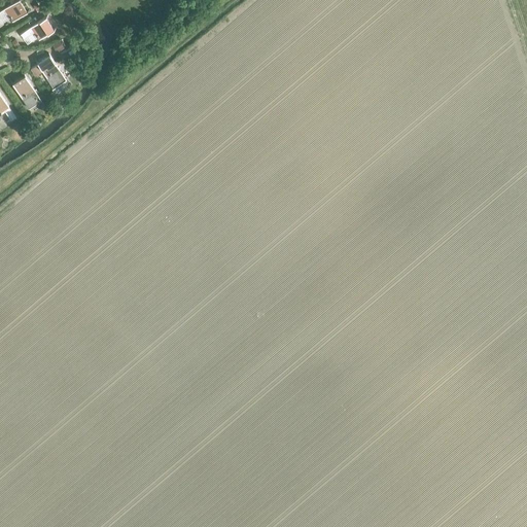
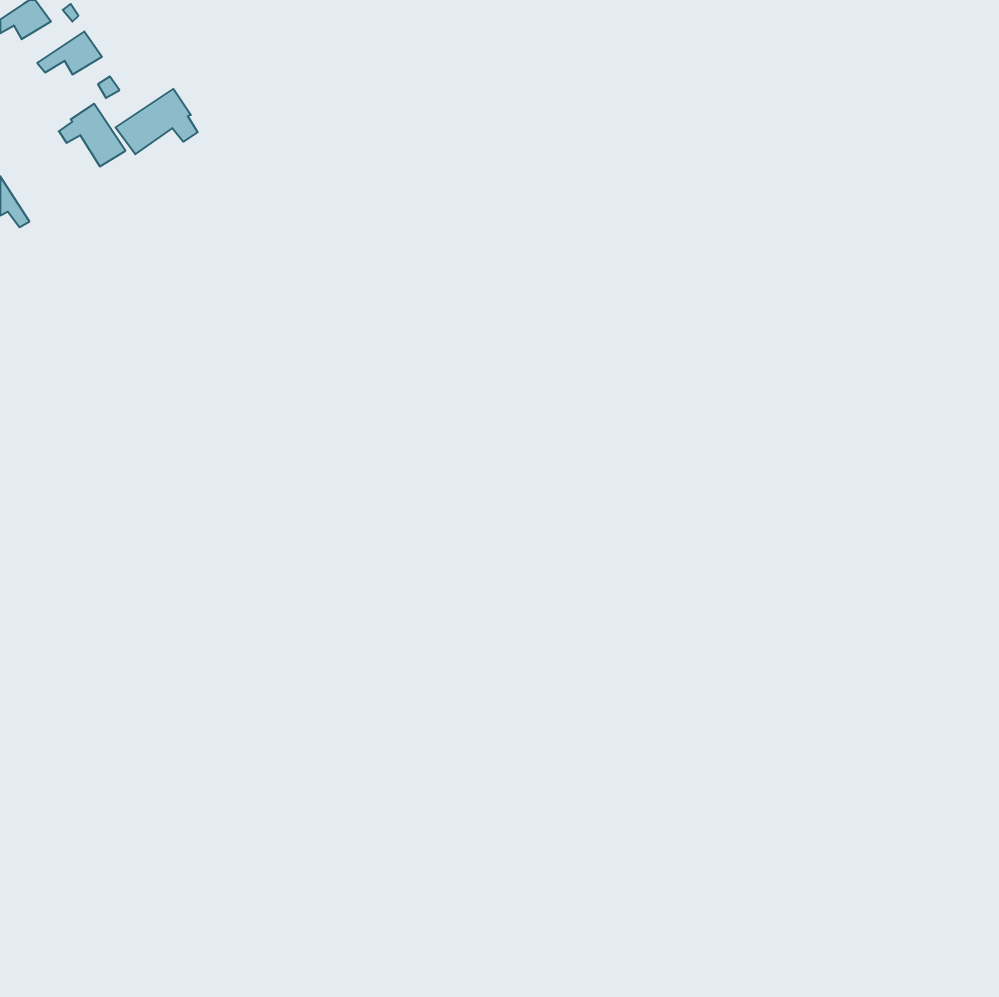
building: none -> [116,89,198,154]
building: [12,77,42,110] -> none

